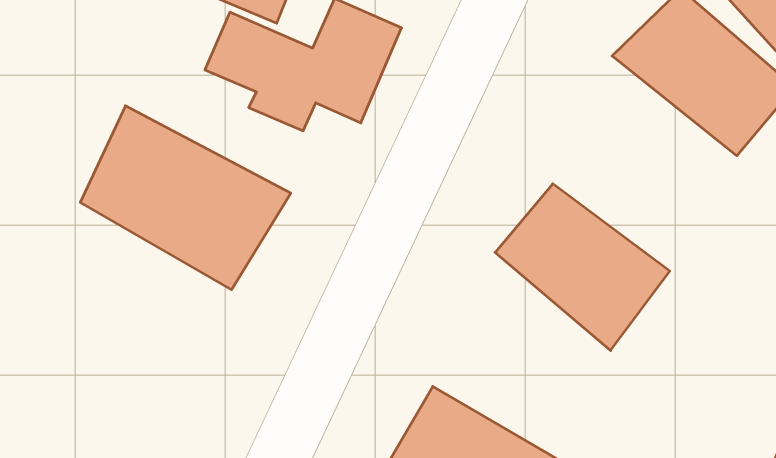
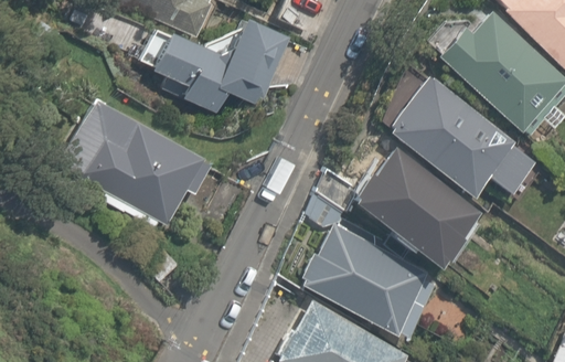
building: none -> [396,79,546,203]
building: none -> [301,221,430,332]

